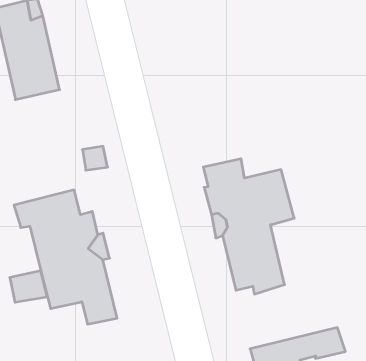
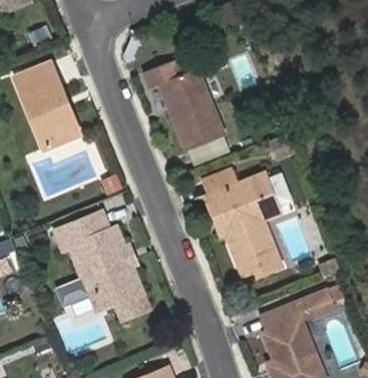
building: none -> [143,58,223,147]

